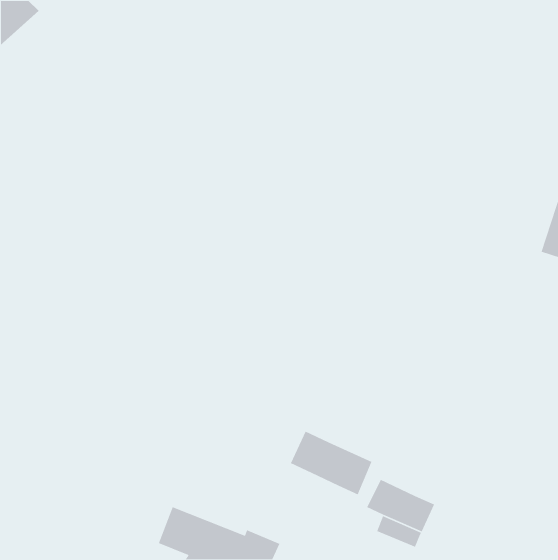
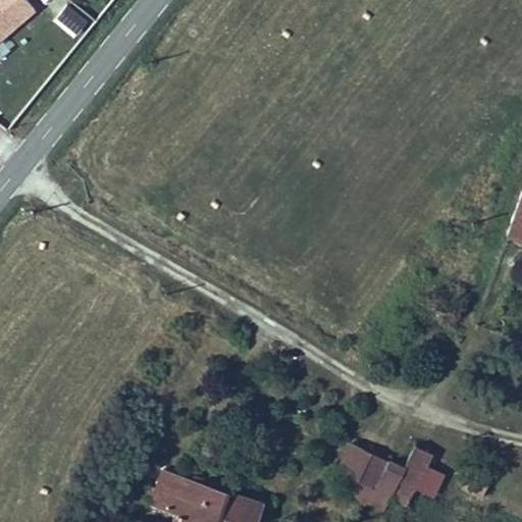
building: [290,431,372,495] -> none
building: none -> [394,446,445,506]

